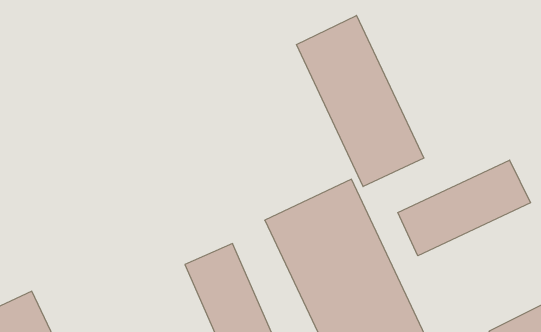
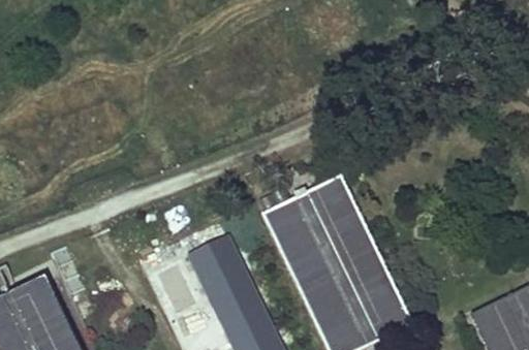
building: [297,15,424,187] -> none
building: [398,160,530,256] -> none

